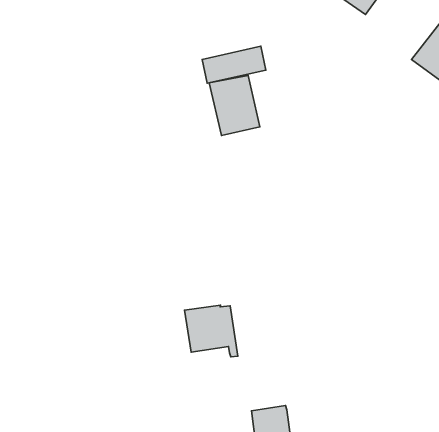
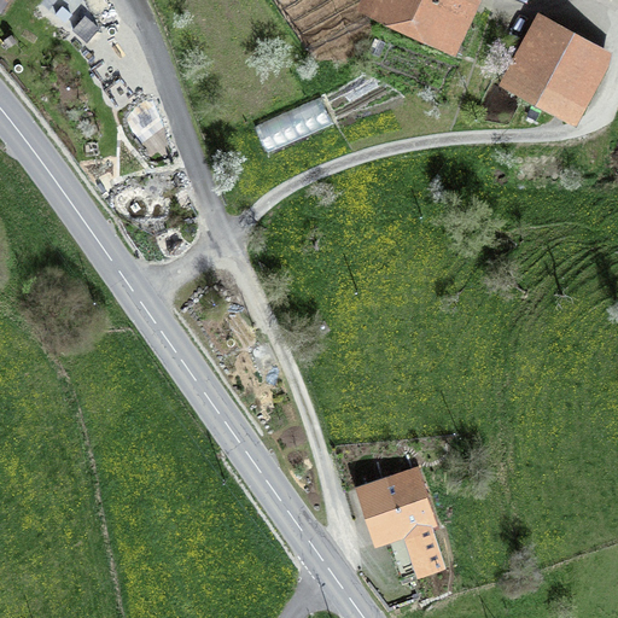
building: [209,75,260,135] -> none
building: [184,305,238,357] -> [362,468,436,532]

